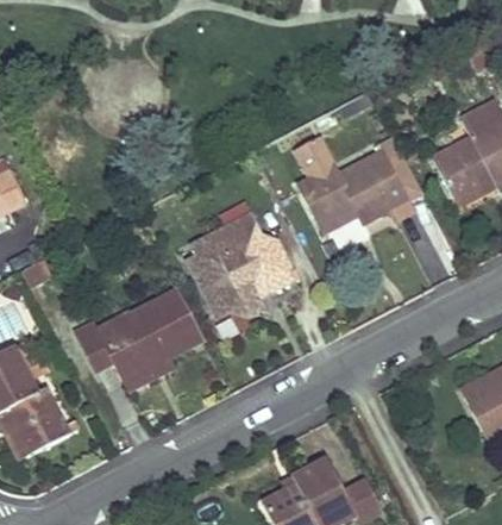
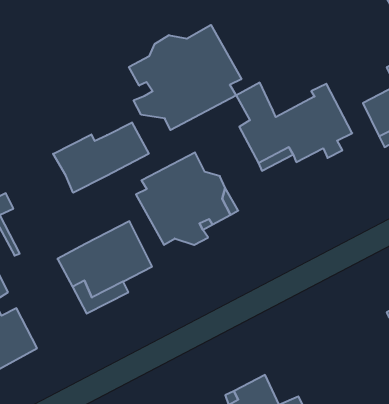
building: none -> [129,25,241,130]
building: none -> [53,122,149,193]
building: [75,305,128,370] -> none

